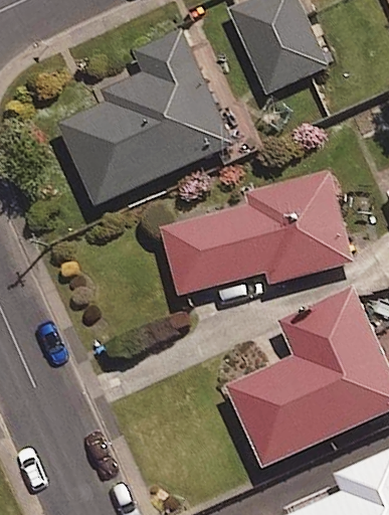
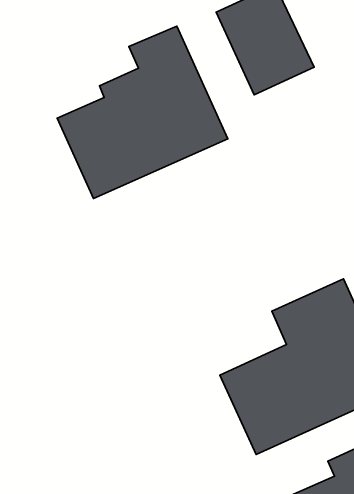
building: [163,169,354,294] -> none

